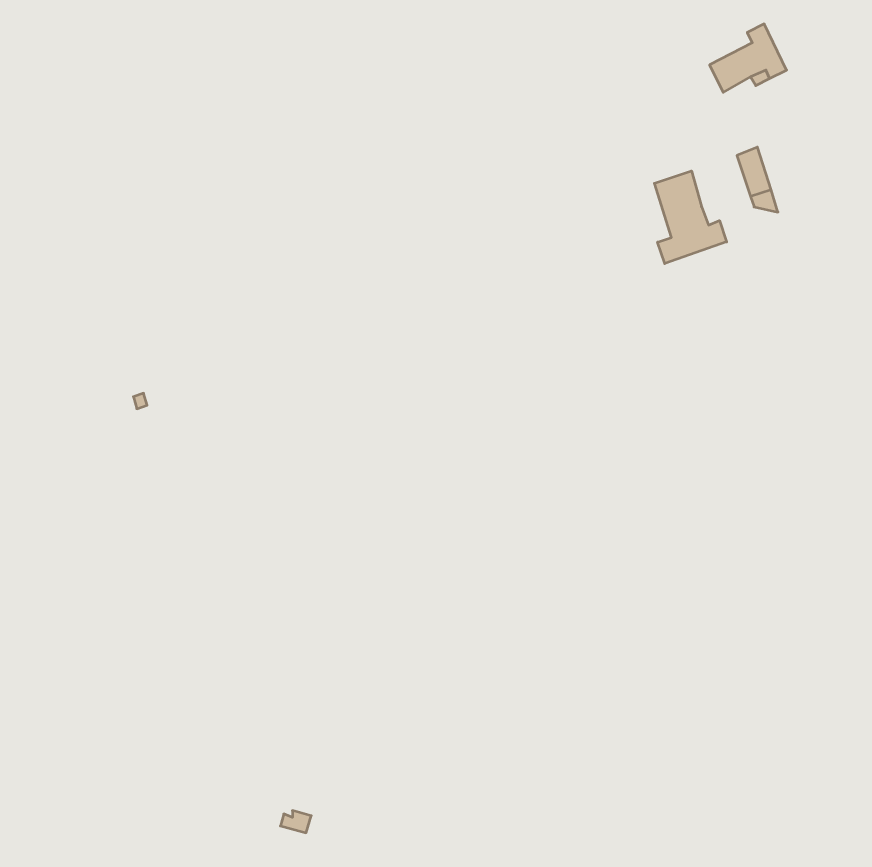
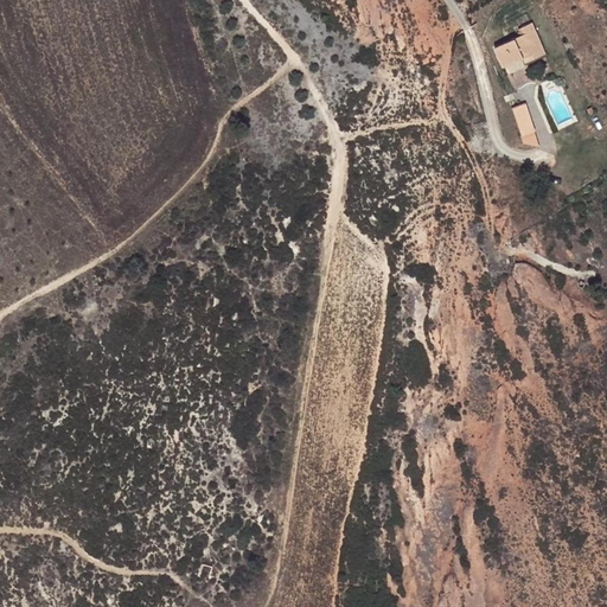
building: [654,171,727,264] -> none

